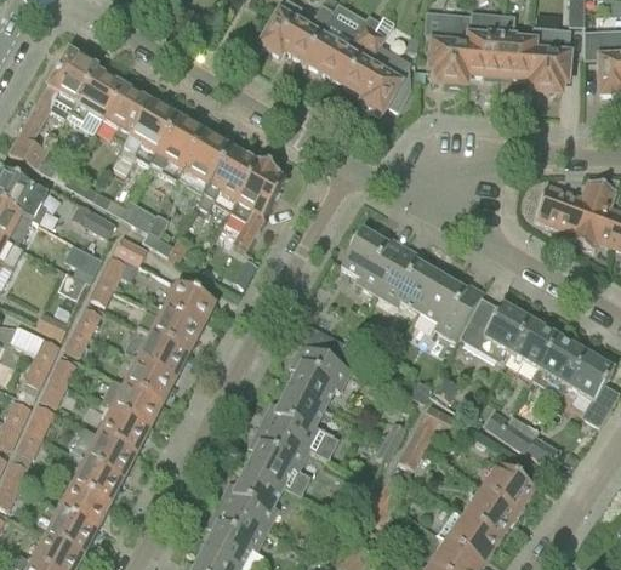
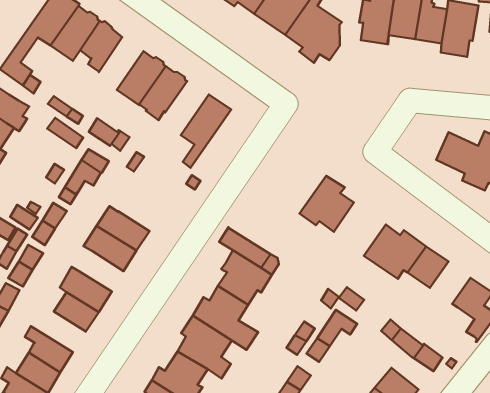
building: [113,102,177,175] -> none
building: [198,148,258,212] -> none
building: [341,229,405,293] -> none
building: [420,275,484,340] -> none
building: [161,281,215,329] -> none
building: [539,336,586,386] -> none
building: [123,358,175,404] -> none
building: [70,427,136,479] -> none

